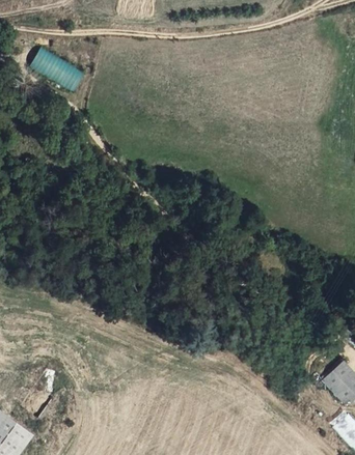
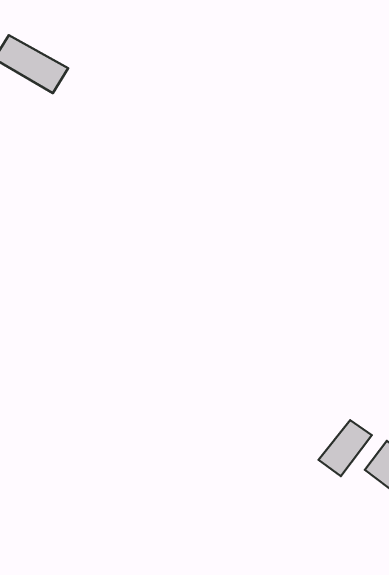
building: none -> [319,420,372,476]

